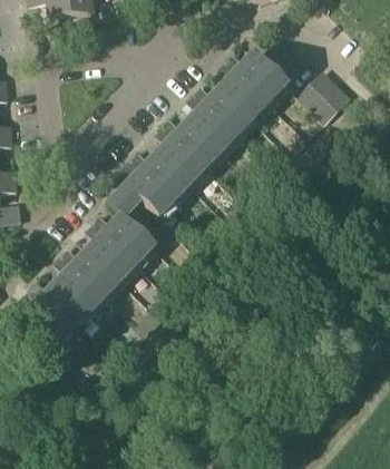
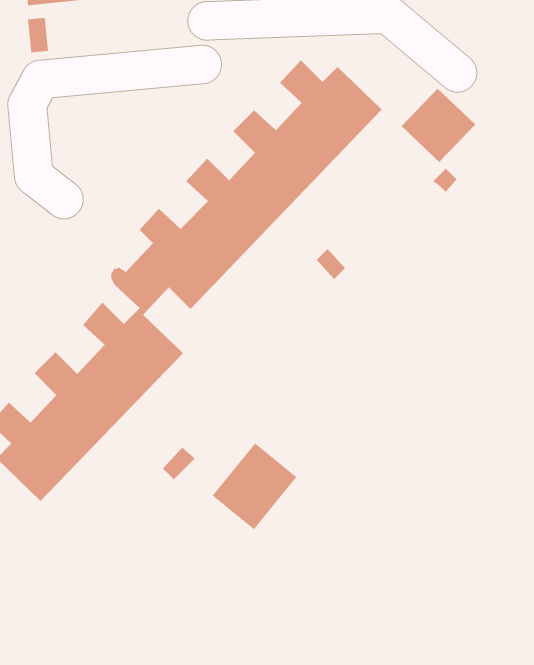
building: none -> [212,442,297,530]

